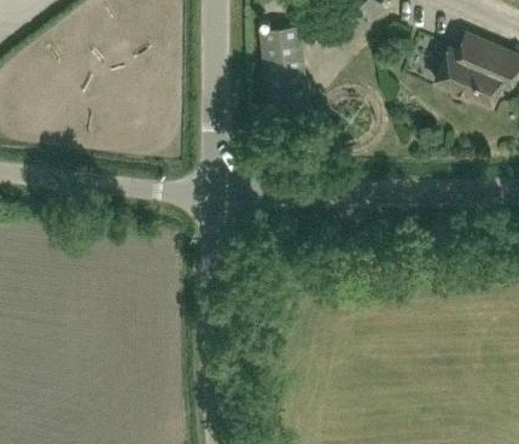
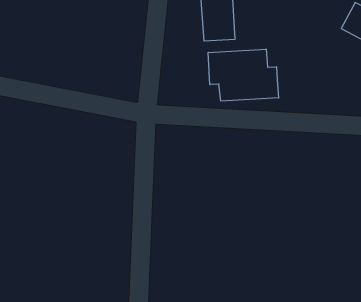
building: none -> [208,49,279,101]

